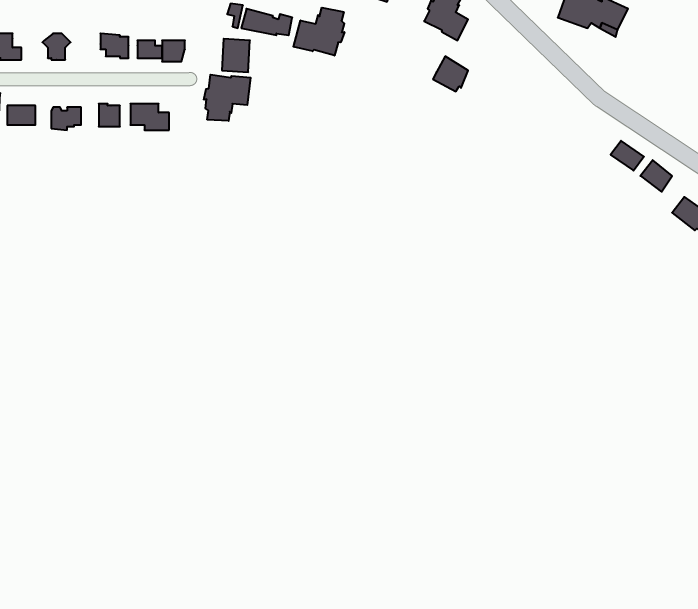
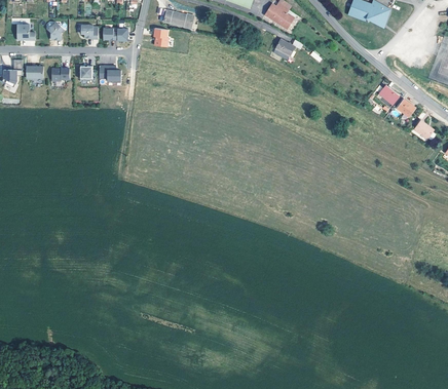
building: [293,8,344,56] -> none
building: [204,75,251,121] -> none

